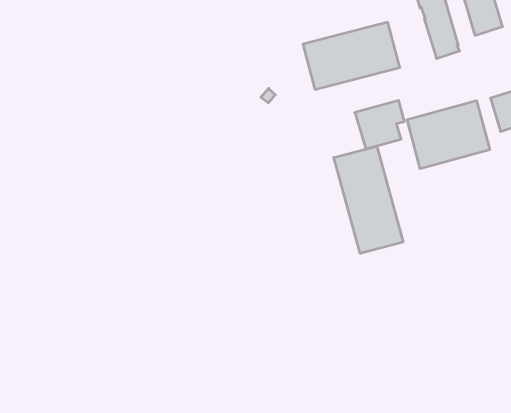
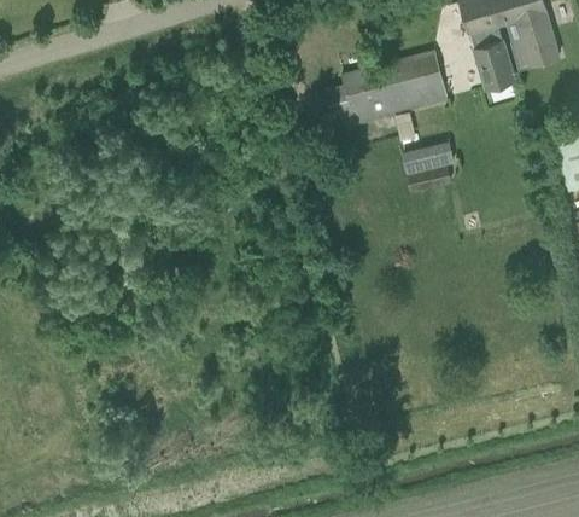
building: [407,101,490,169] -> none
building: [334,146,403,253] -> none

